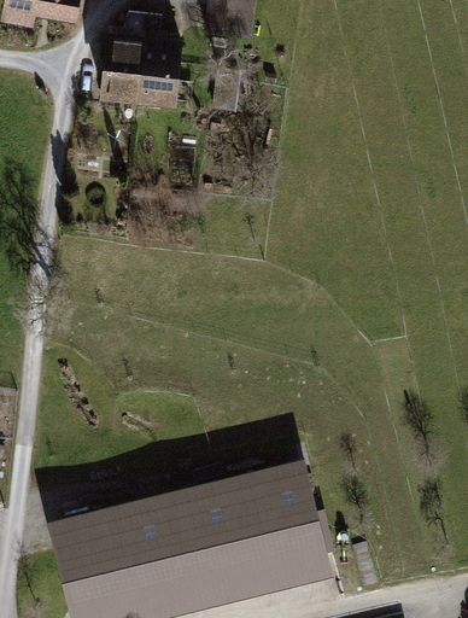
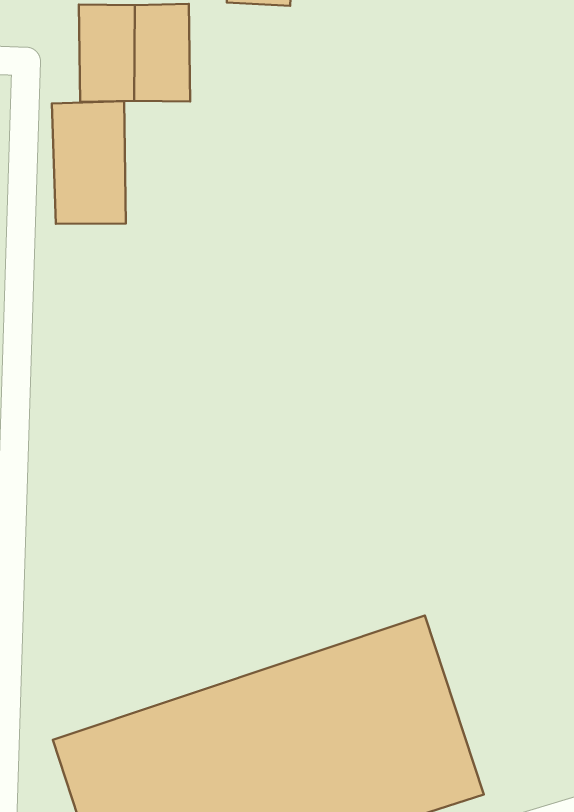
building: none -> [52,101,126,224]

